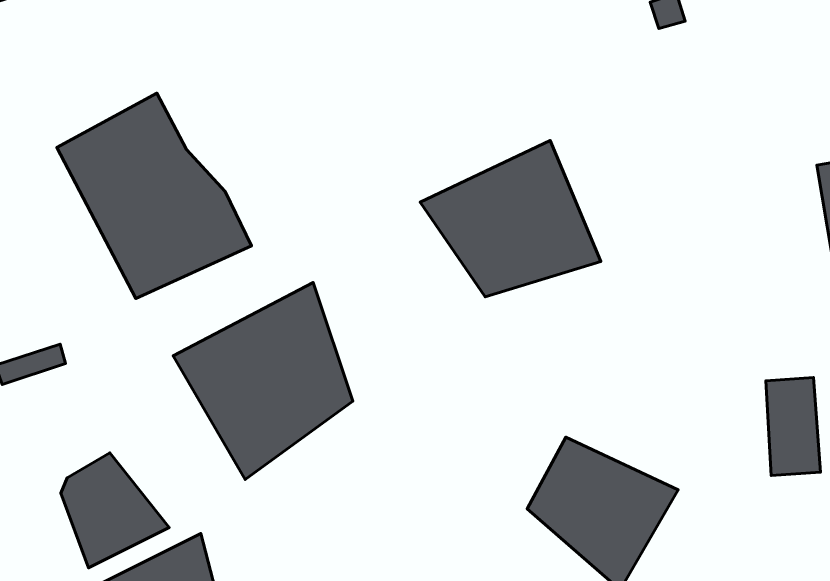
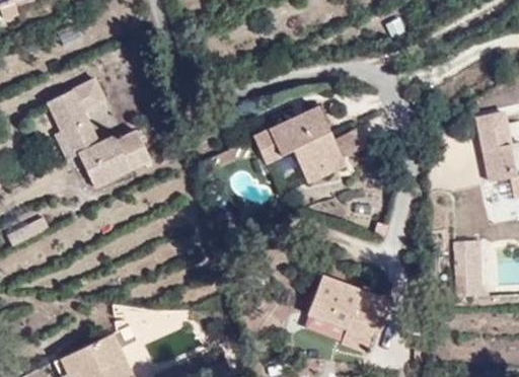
building: [173,283,353,479] -> none
building: [61,453,169,568] -> none

